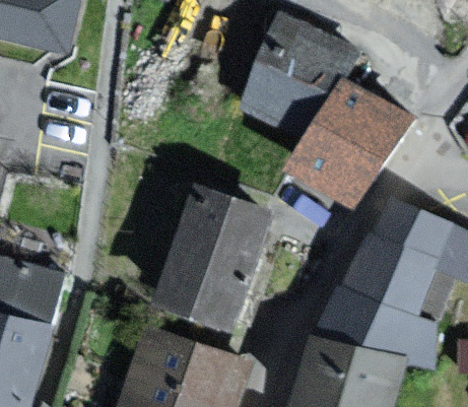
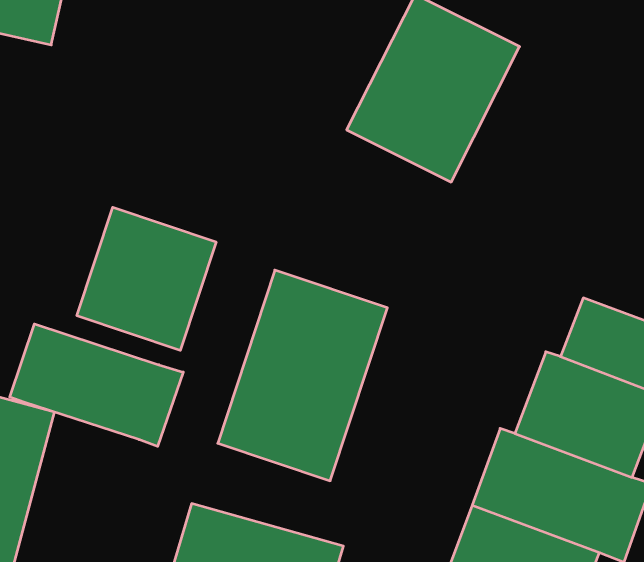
building: [299,85,406,202] -> none
building: none -> [77,207,216,350]
building: none -> [10,324,183,446]

